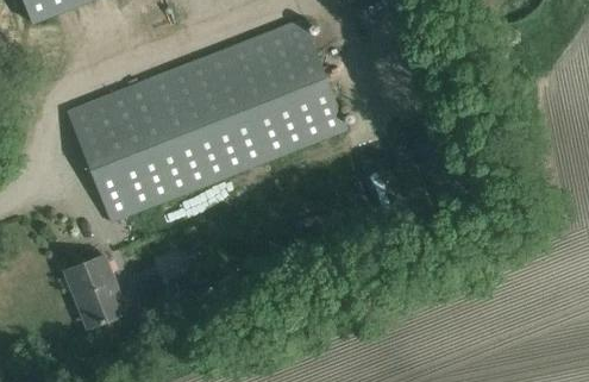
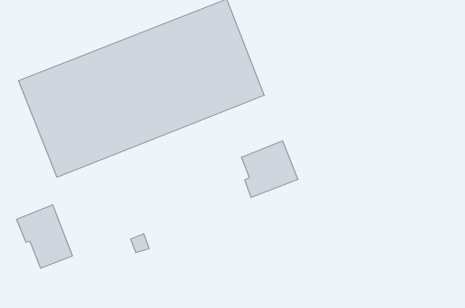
building: none -> [241,141,298,198]

